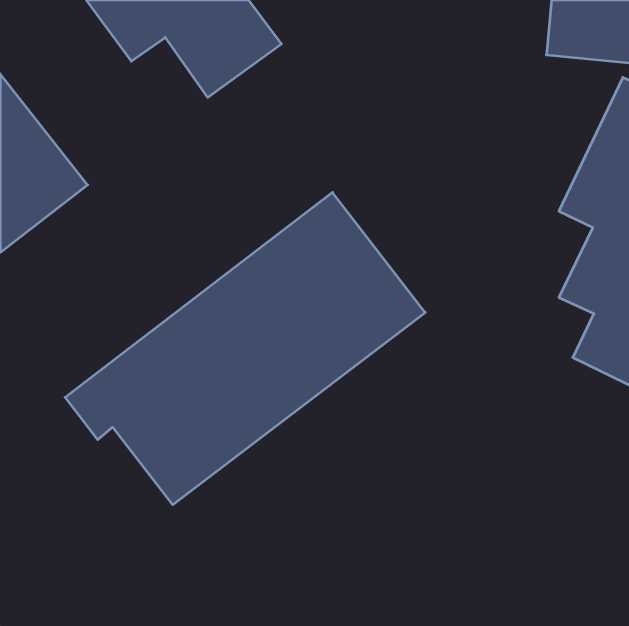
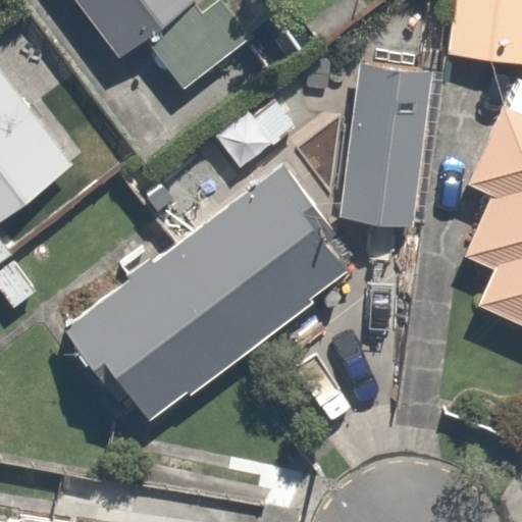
building: none -> [336,62,431,226]

